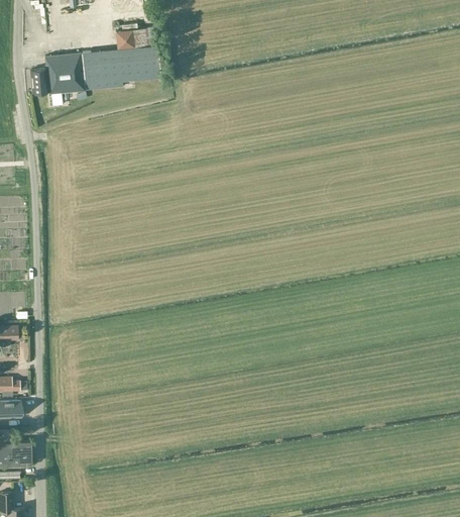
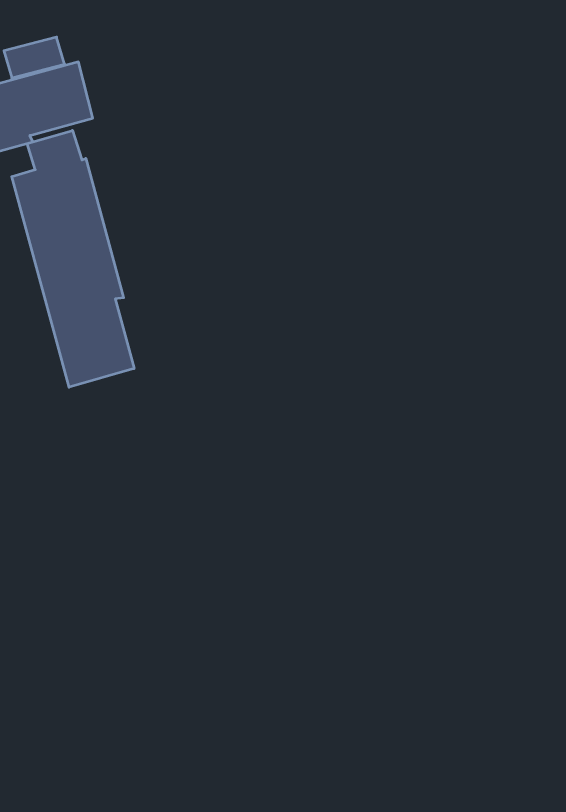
building: none -> [12,130,134,387]

